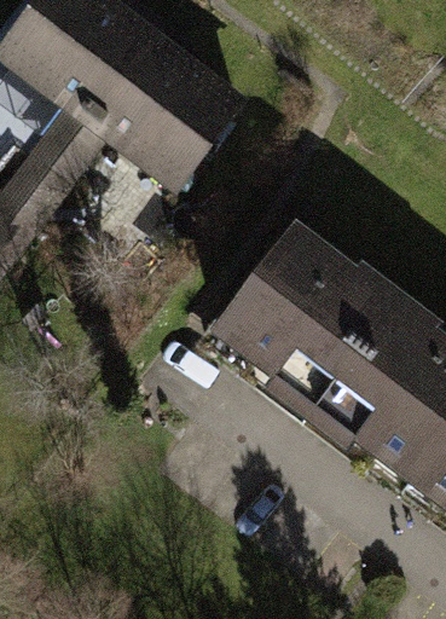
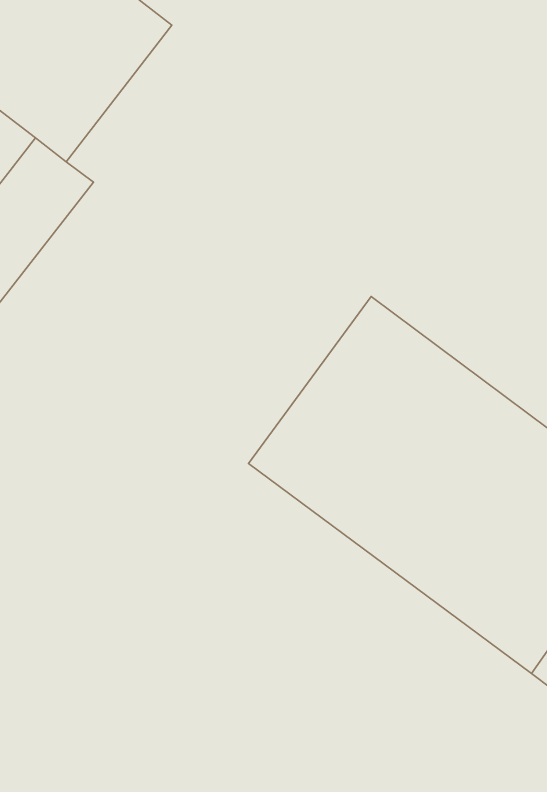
building: [80,25,249,195] -> none

